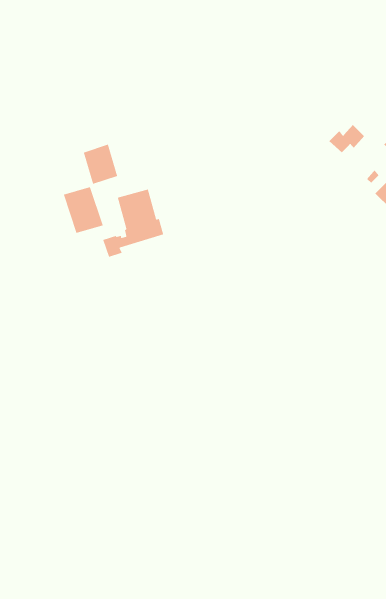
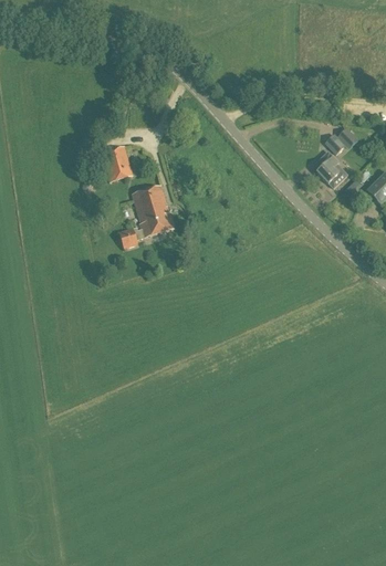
building: none -> [314,150,347,188]
building: [63,186,104,234] -> none

